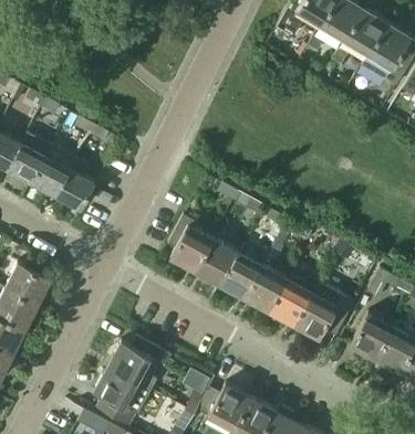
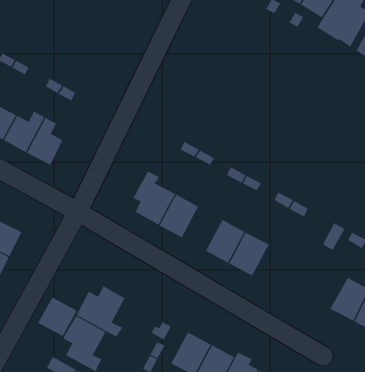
building: [219,253,261,299] -> none
building: [293,282,353,339] -> none
building: [350,314,393,360] -> none
building: none -> [38,297,77,337]

